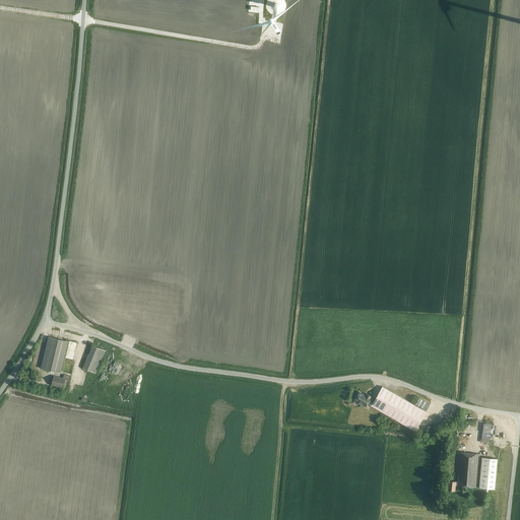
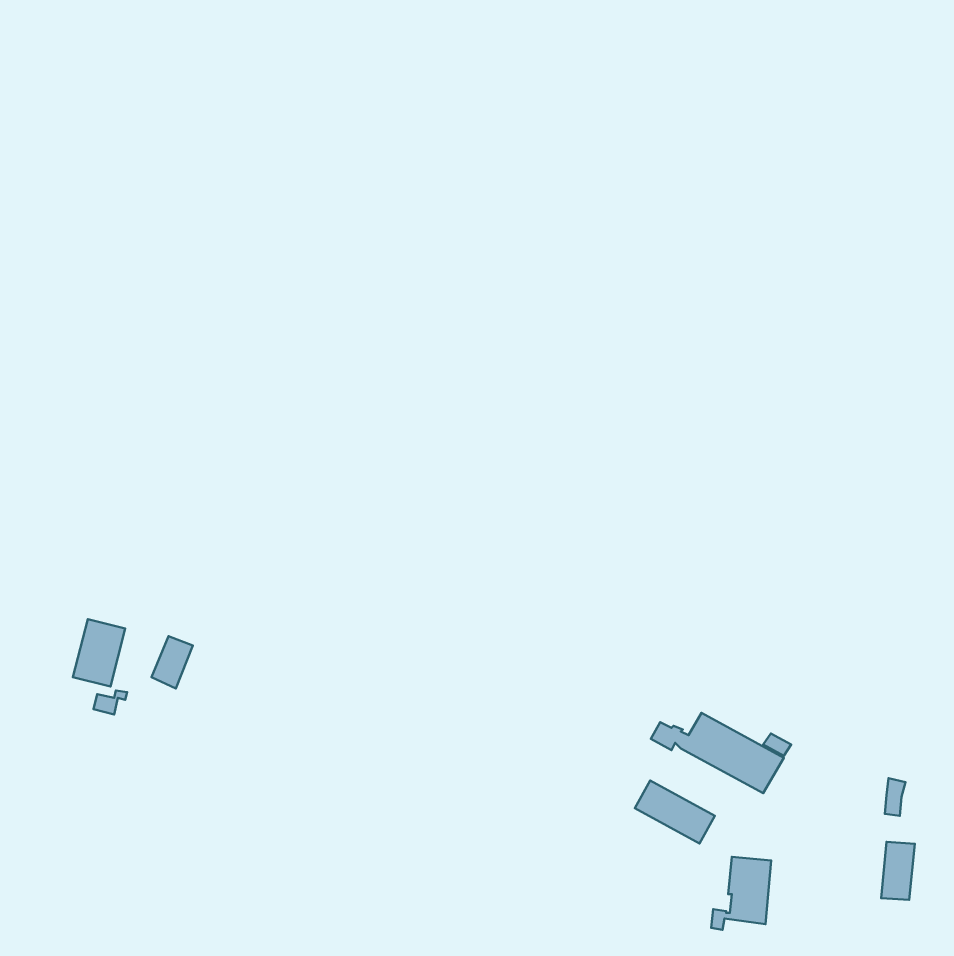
building: none -> [635,781,715,843]
building: [447,451,479,491] -> [711,857,771,930]

